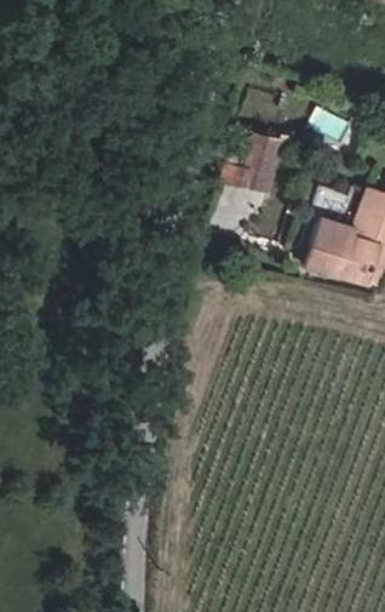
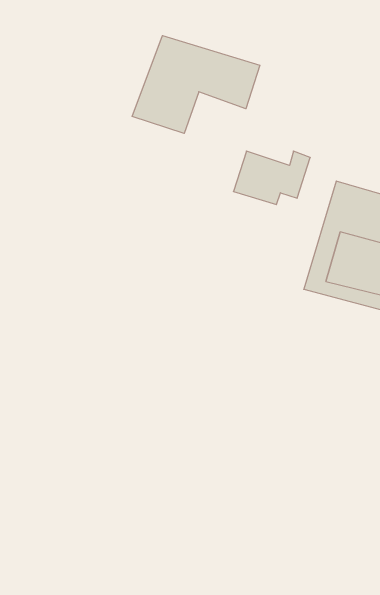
building: none -> [132,36,260,133]

